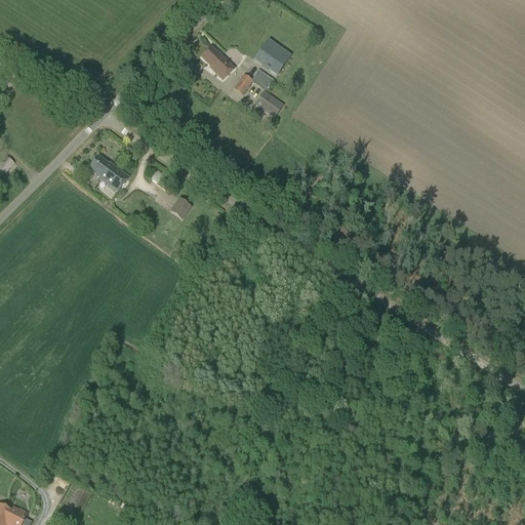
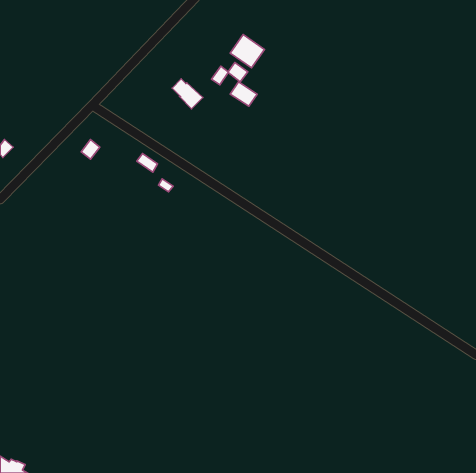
building: [202,45,236,78] -> [172,79,203,109]
building: [98,160,130,191] -> none

